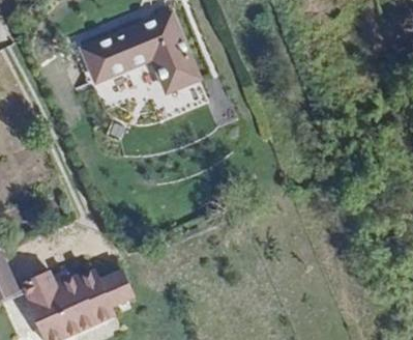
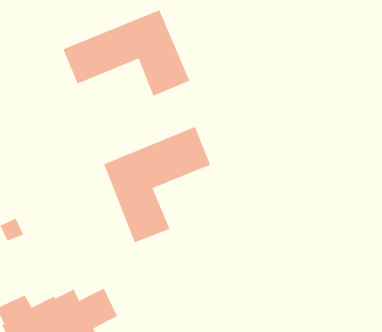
building: none -> [104,126,211,243]

